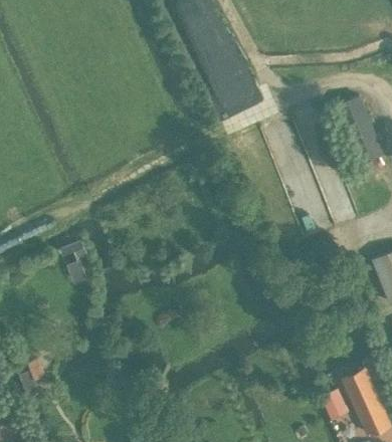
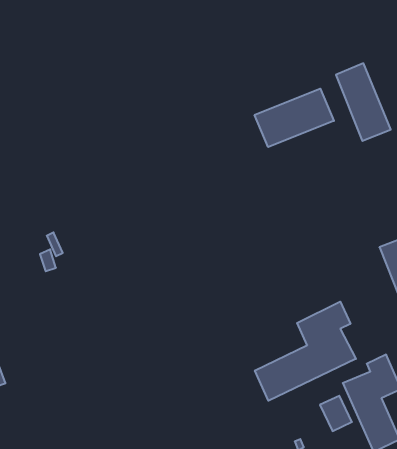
building: none -> [255,89,334,147]
building: none -> [255,302,356,401]

